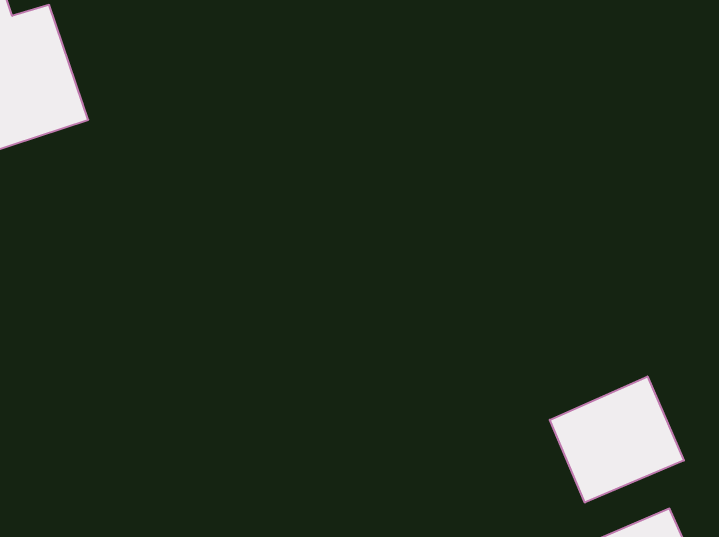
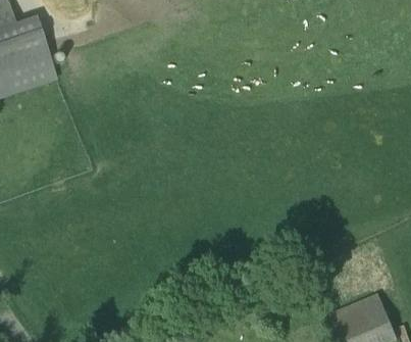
building: [550,376,684,503] -> none

